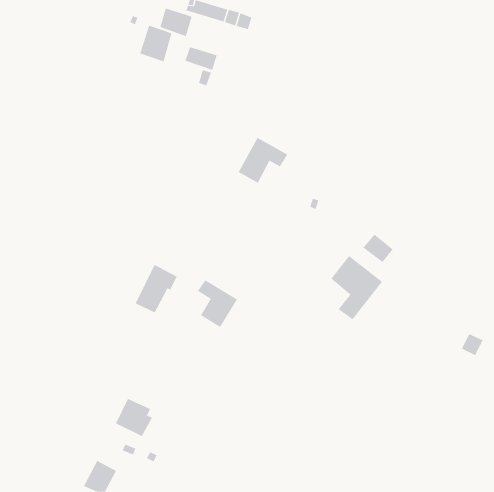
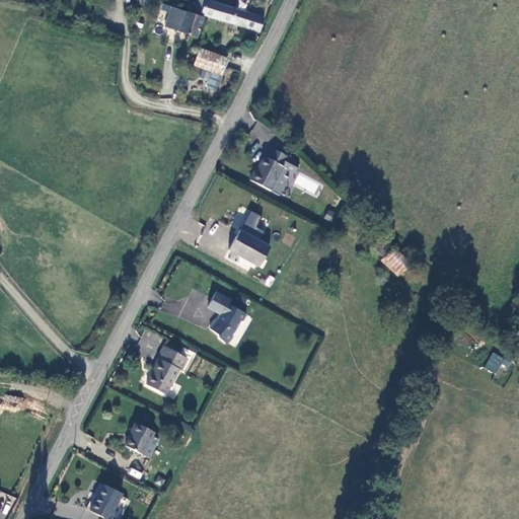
building: [140,25,172,62] -> none
building: none -> [225,205,270,269]
building: [330,255,383,320] -> none
building: [135,264,177,313] -> [145,343,190,394]

